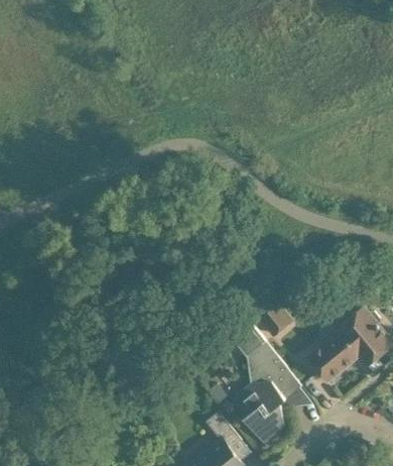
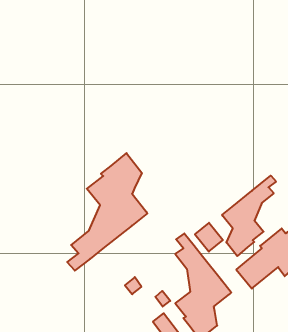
building: none -> [67,153,147,271]
building: none -> [222,176,276,256]

